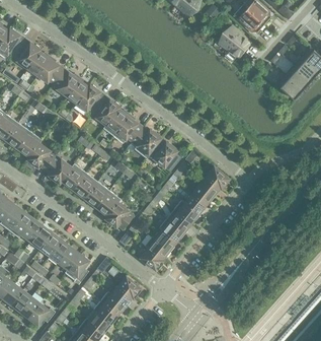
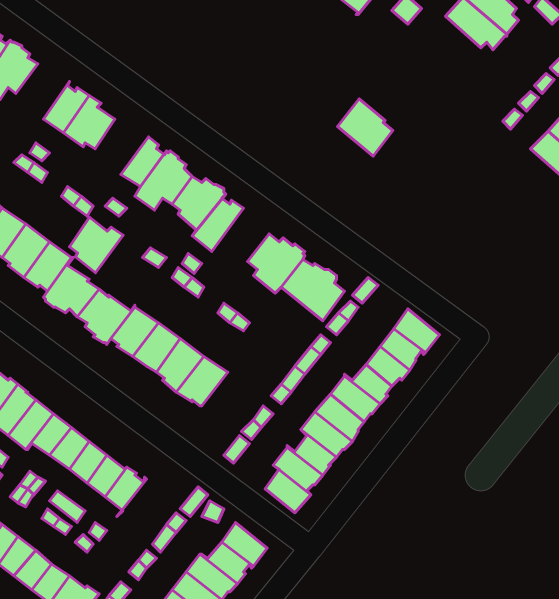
building: [220,26,248,56] -> [338,99,393,156]
building: [12,40,39,68] -> none
building: [53,68,80,96] -> [70,217,123,273]
building: [112,114,142,143] -> none
building: [104,198,133,229] -> none
building: [64,253,89,281] -> none

